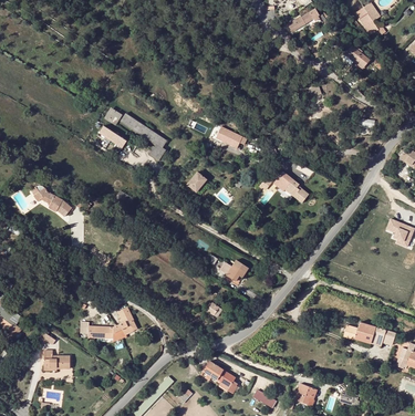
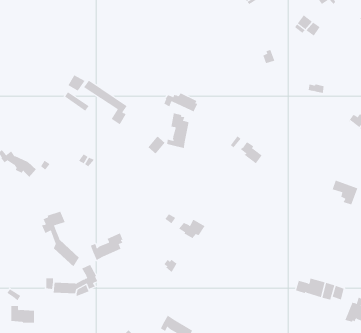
building: none -> [166,113,189,149]
building: none -> [41,211,80,267]
building: none -> [90,232,124,261]

